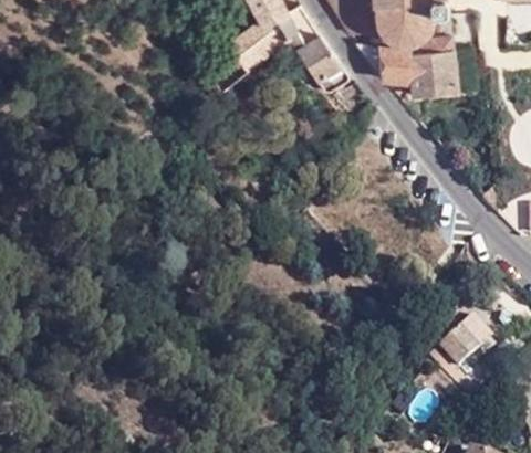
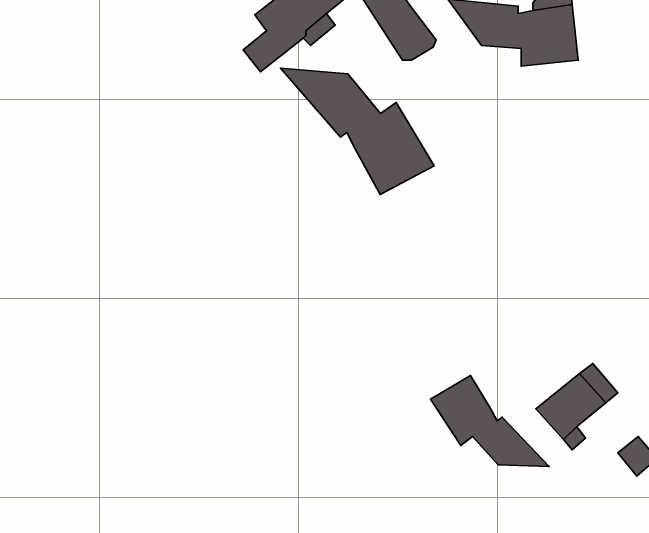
building: none -> [280,68,434,195]
building: none -> [430,375,549,467]

